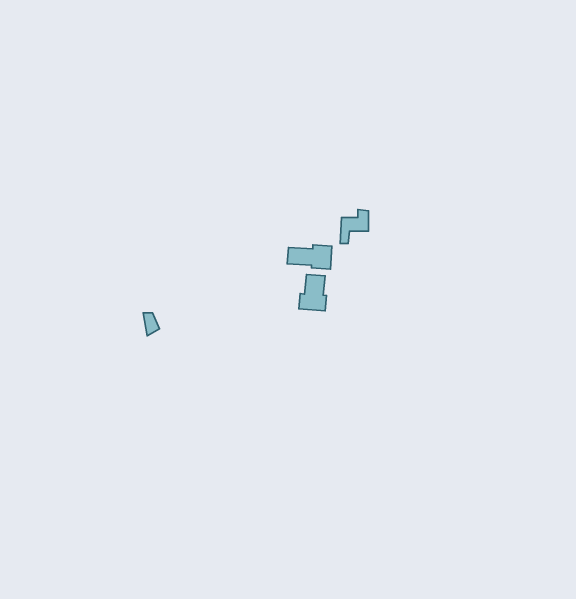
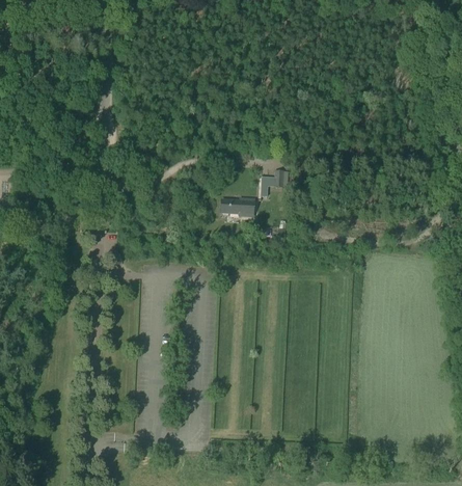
building: [299,275,326,311] -> none

